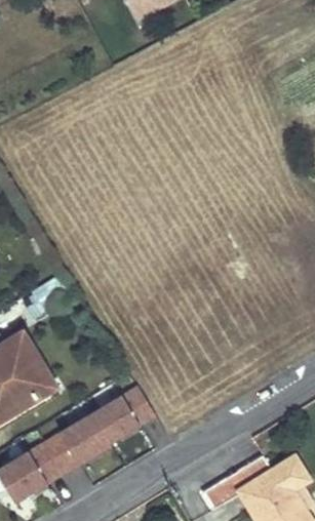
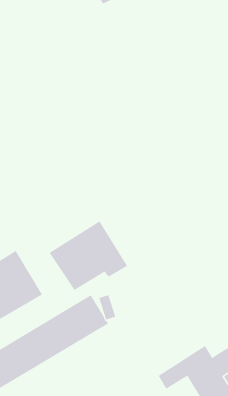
building: none -> [49,220,128,291]

